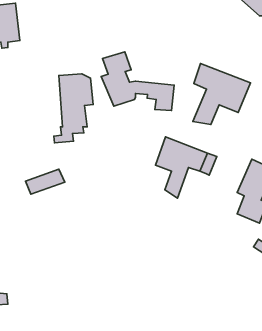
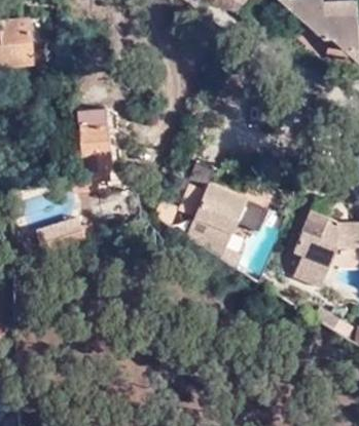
building: [101,52,174,111] -> none
building: [193,64,251,125] -> none

